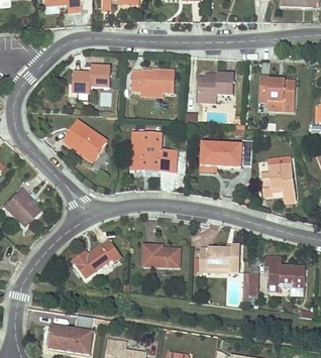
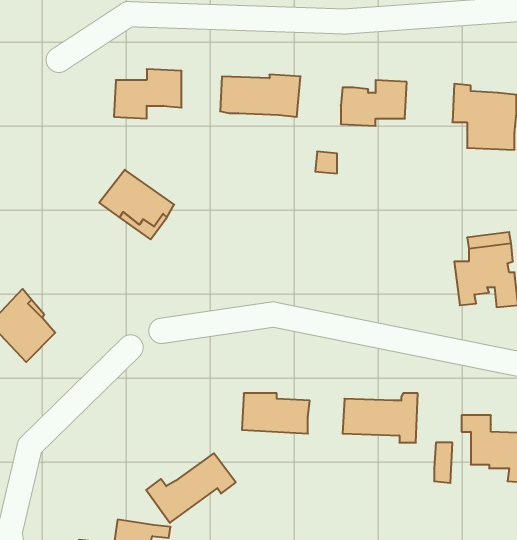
building: [129,132,176,171] -> none
building: [199,140,251,171] -> none
building: [72,240,121,278] -> [146,453,236,523]

